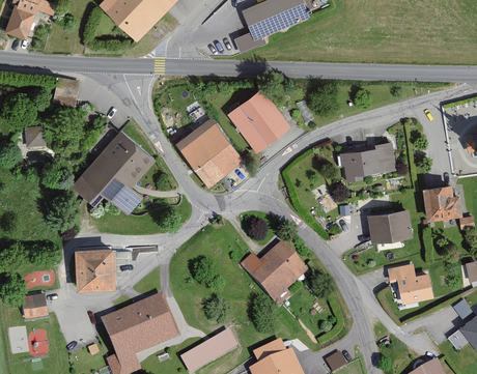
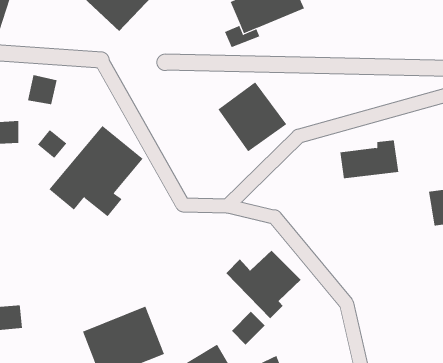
building: [176,114,245,185] -> none
building: none -> [37,129,67,159]
building: [367,207,412,241] -> none
building: [77,247,119,287] -> none
building: [385,261,432,300] -> none
building: none -> [231,311,265,345]

